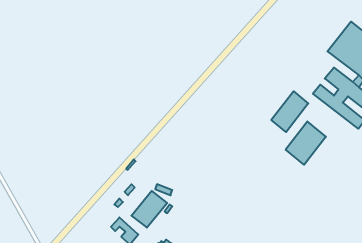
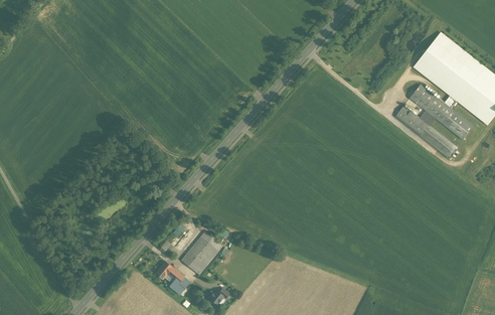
building: [271,91,308,132] -> none
building: [286,121,326,165] -> none

